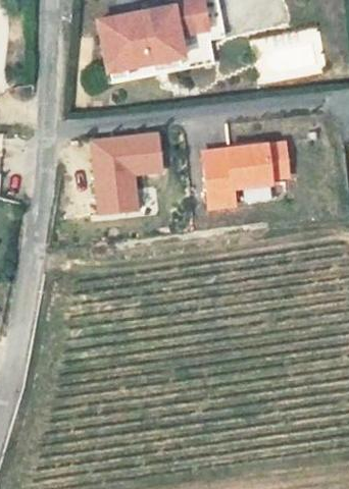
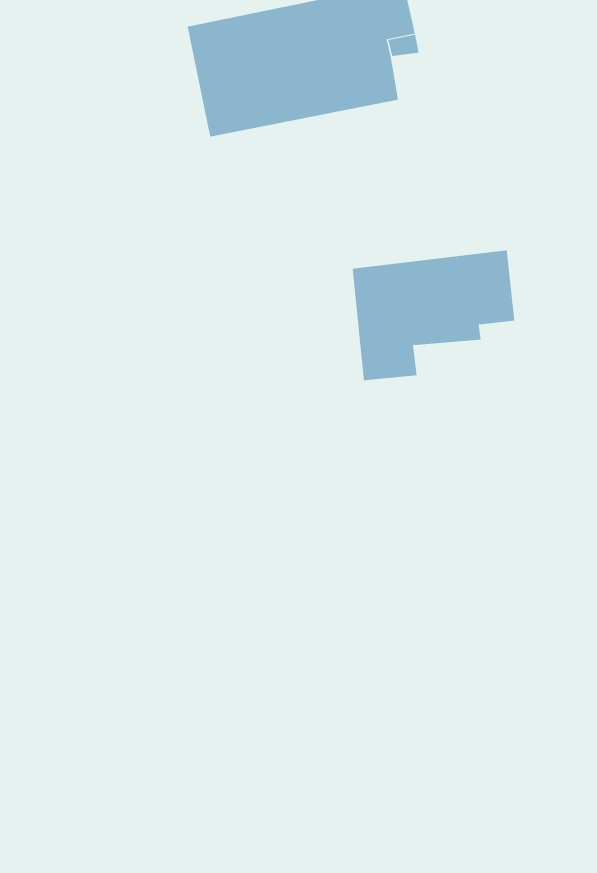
building: [88,131,162,215] -> none

